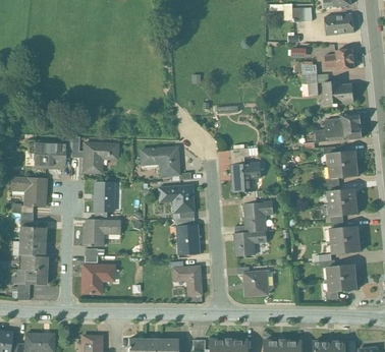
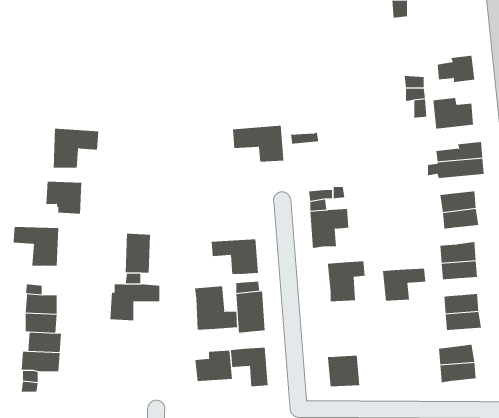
building: [325,13,354,36] -> none
building: [82,142,117,172] -> [53,128,99,168]
building: [140,146,178,174] -> [232,125,284,162]
building: none -> [194,285,238,331]
building: [234,231,267,255] -> [382,268,426,301]
building: [81,265,113,294] -> none
building: none -> [195,350,232,382]

